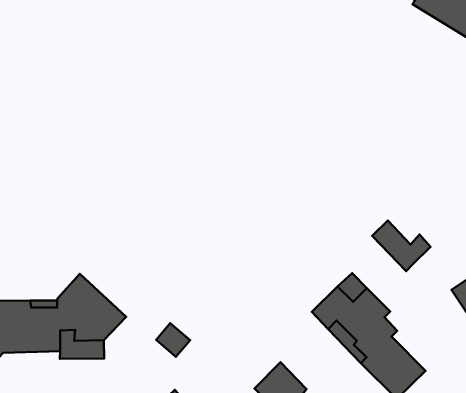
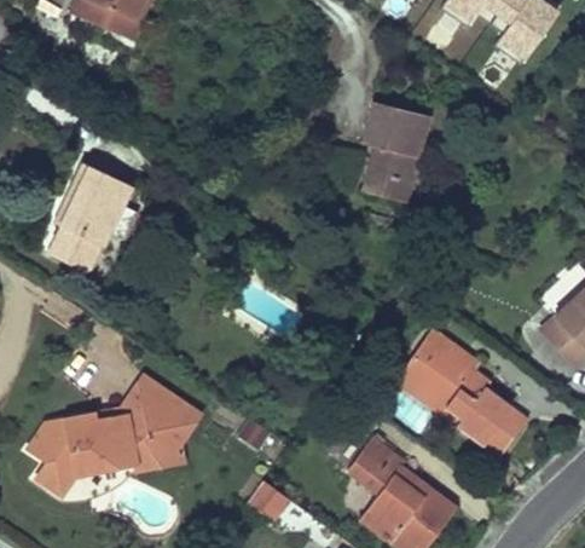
building: none -> [363,100,428,202]
building: none -> [50,162,131,271]
building: [372,221,430,271] -> none

